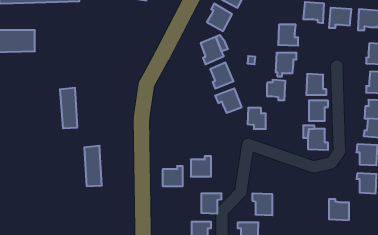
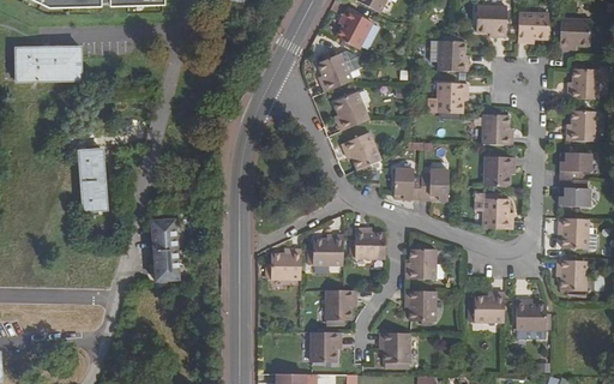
building: [267,80,285,100] -> [421,164,449,194]
building: [60,88,77,128] -> [78,148,104,208]
building: none -> [354,226,384,256]
building: none -> [403,247,432,278]
building: none -> [471,290,501,320]

